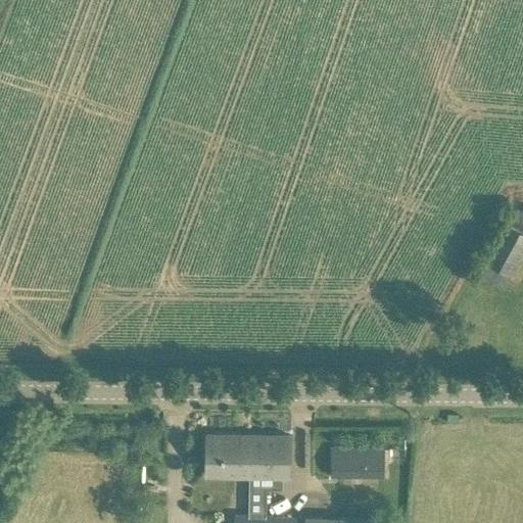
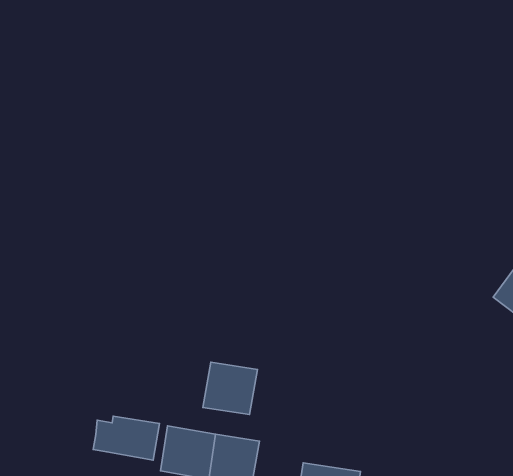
building: none -> [203,362,257,415]
building: none -> [93,416,160,460]

